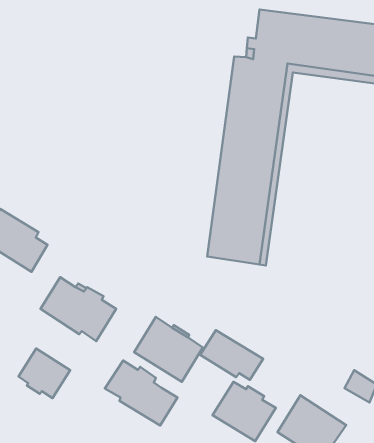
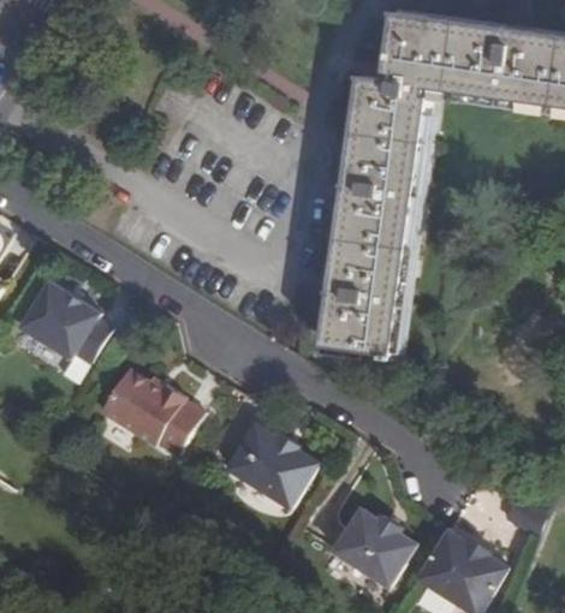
building: [200,330,263,380] -> none
building: [18,349,70,398] -> none
building: [105,360,178,425] -> none

